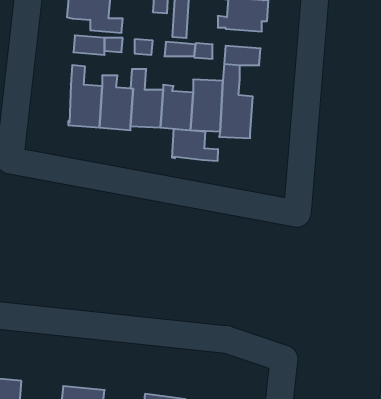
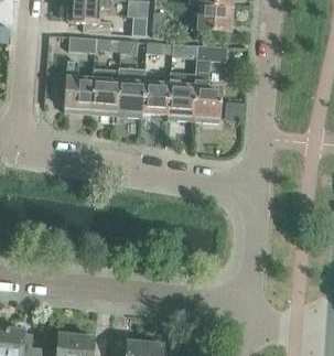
building: [172,129,218,161] -> none

